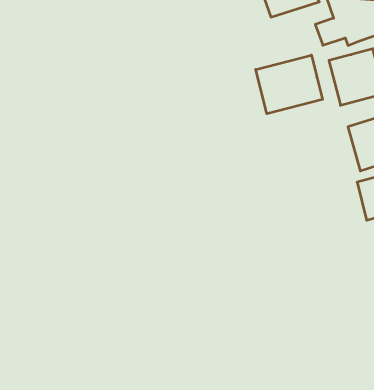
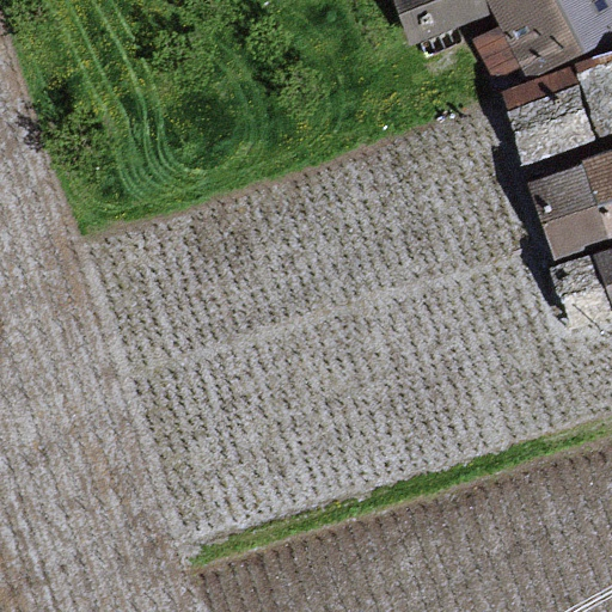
building: [256,55,323,114] -> none

